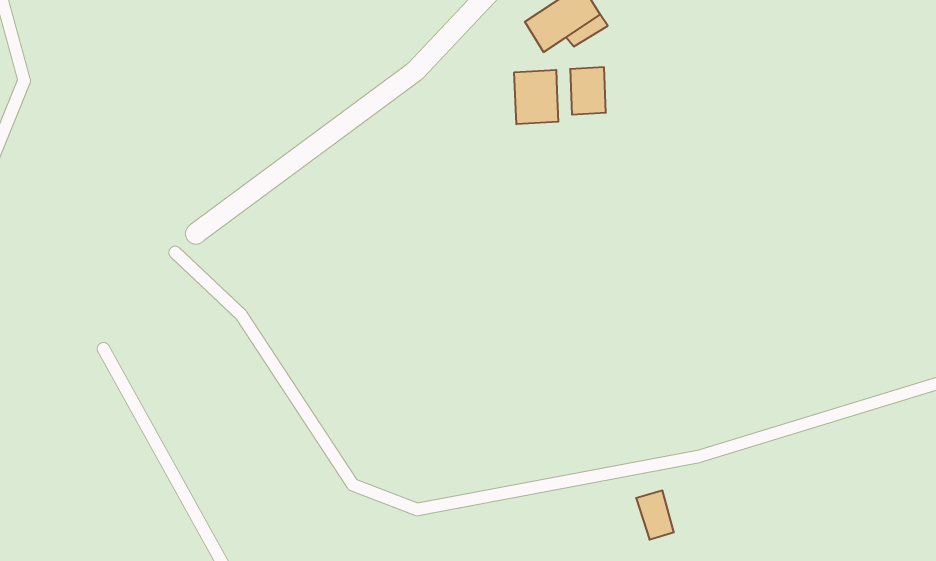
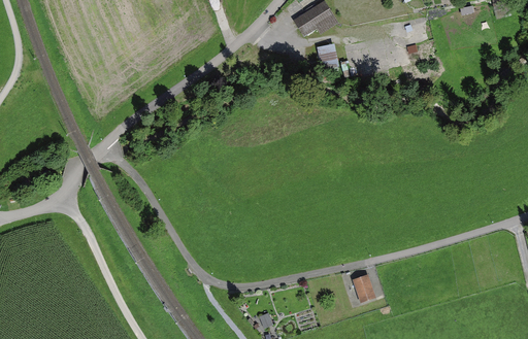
building: [514,70,558,124] -> none

